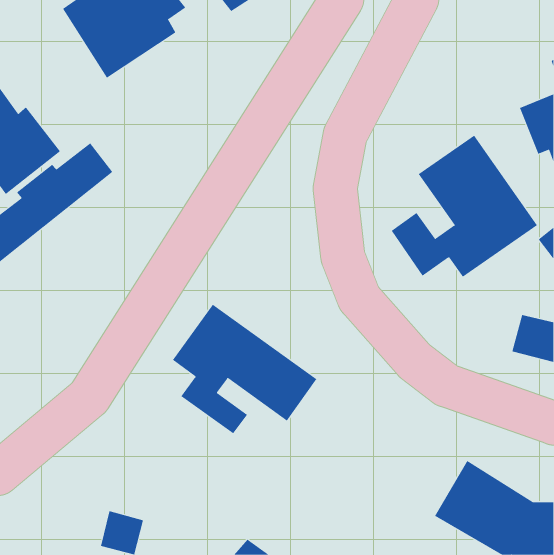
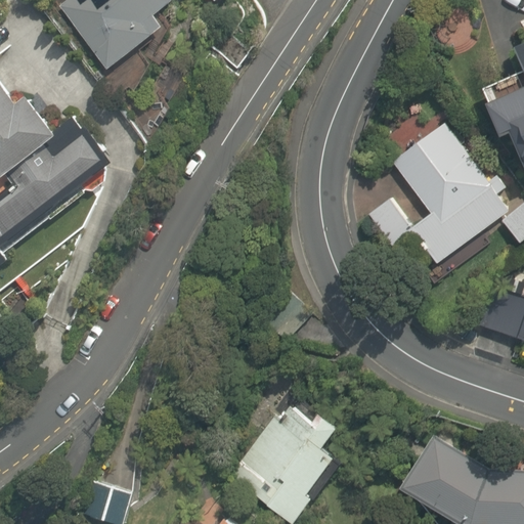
building: [172,304,317,434] -> none
building: none -> [235,398,348,518]

